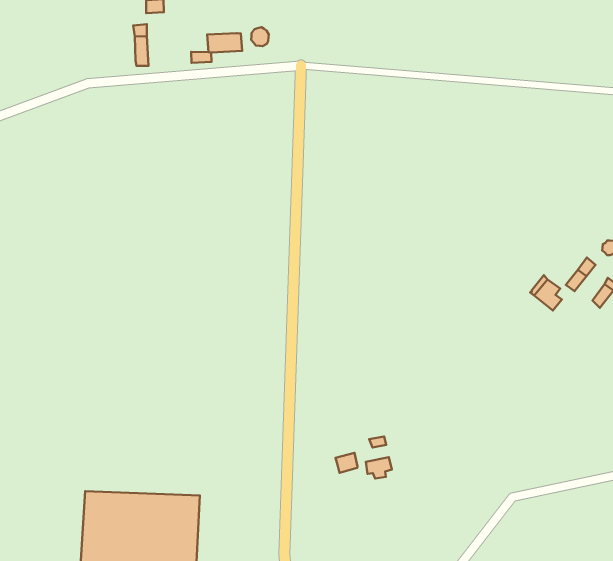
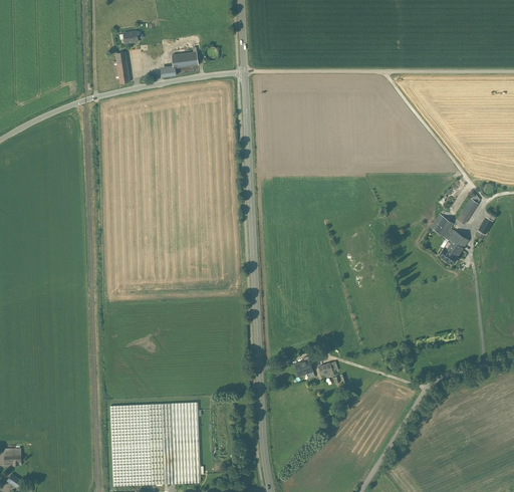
building: none -> [439,231,468,263]

